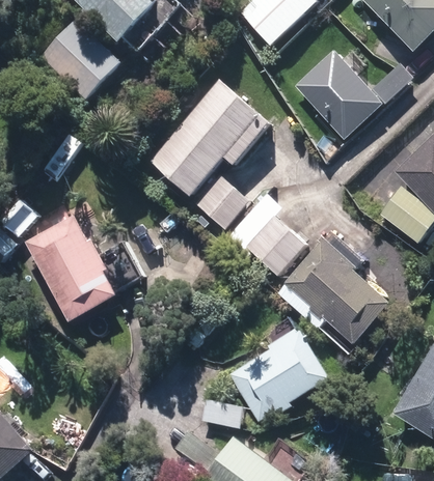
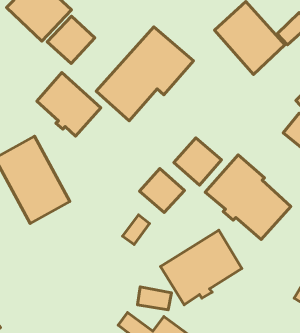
building: none -> [47,16,95,64]
building: none -> [37,73,101,136]
building: [194,174,249,228] -> [140,168,184,213]

